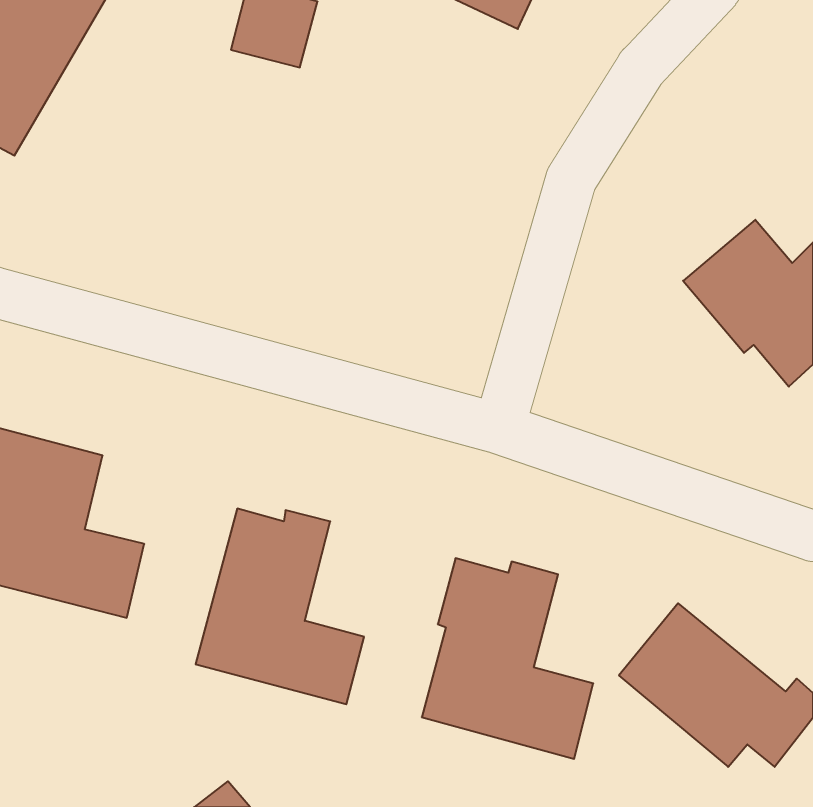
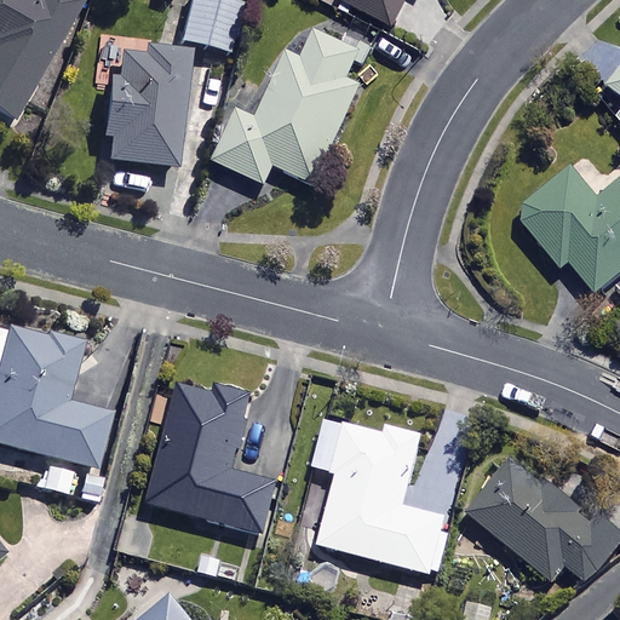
building: none -> [214,27,358,182]
building: none -> [105,50,186,166]

